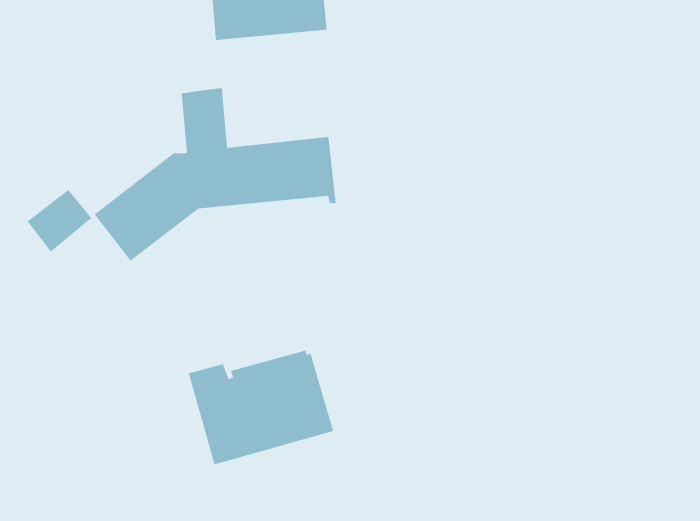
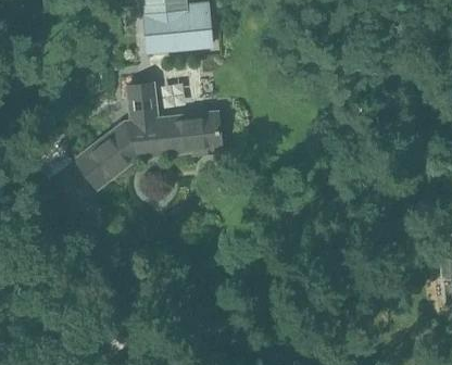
building: [188,350,334,465] -> none

